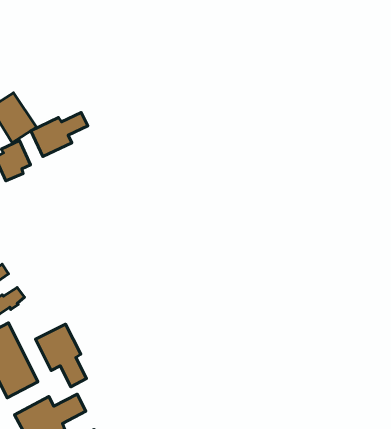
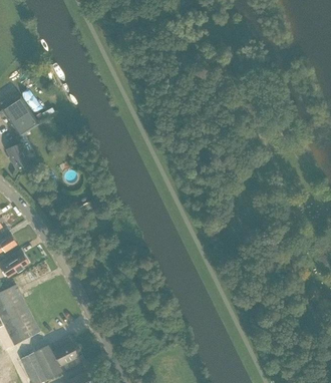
building: [31,112,88,156] -> none
building: [35,324,87,387] -> none

